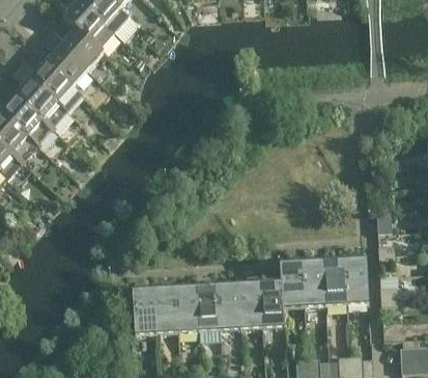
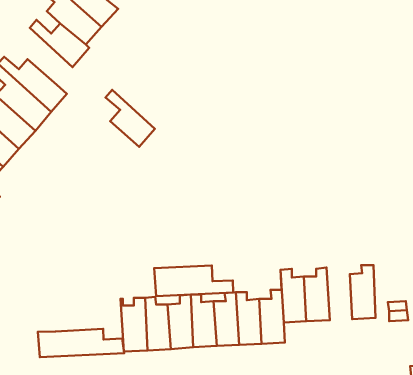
building: [41,34,87,87] -> [106,90,155,147]
building: none -> [154,266,233,296]
building: [322,255,346,305] -> none
building: none -> [38,329,124,357]

